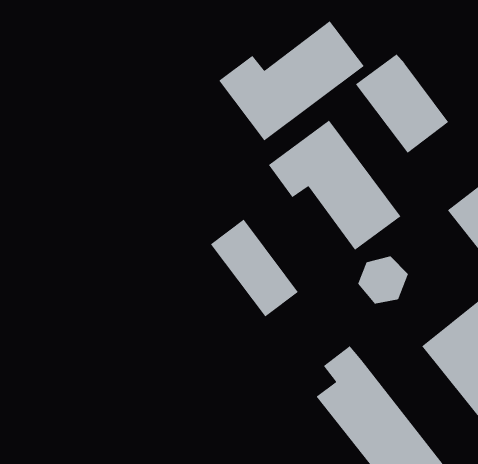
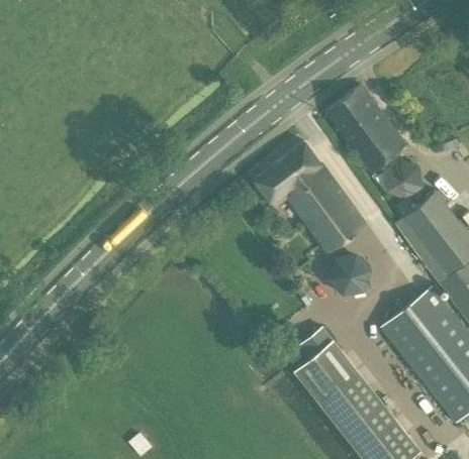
building: [218,20,365,141] -> none
building: none -> [381,159,424,201]
building: [210,219,299,318] -> none

